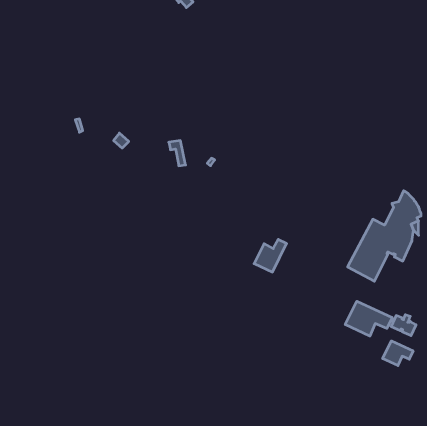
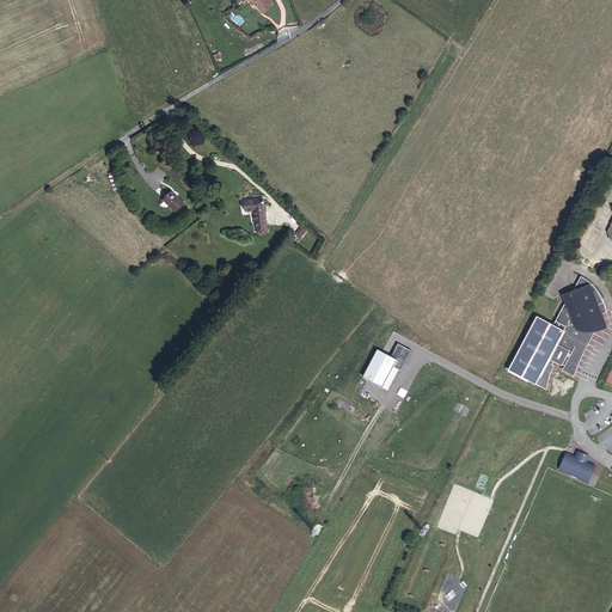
building: [345,301,392,336] -> none
building: [383,341,413,366] -> none

